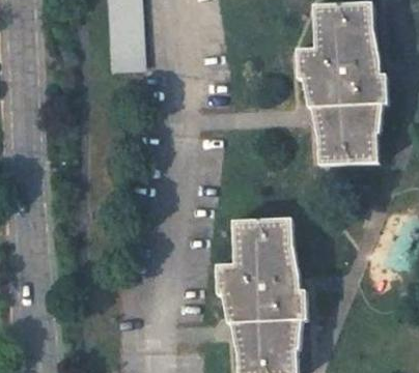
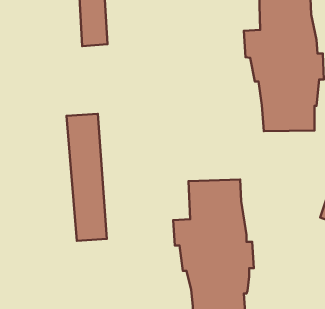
building: none -> [67,114,107,241]

